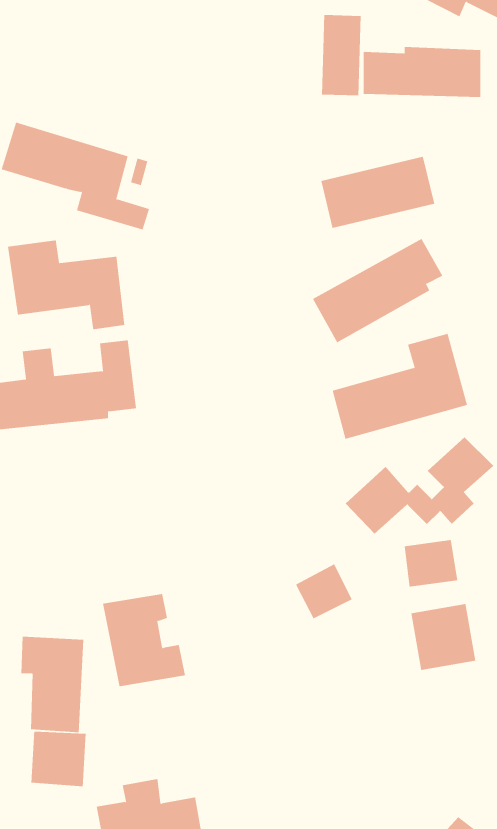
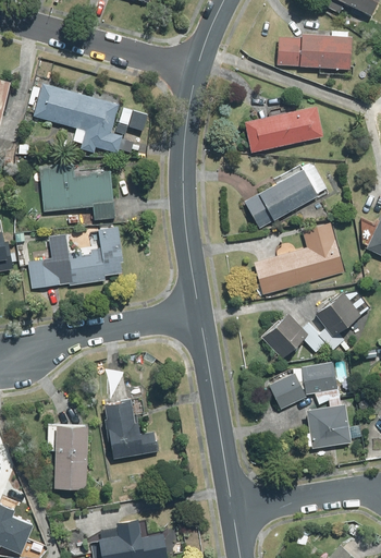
building: [321,14,361,96] -> none
building: [295,563,352,619] -> [268,373,306,410]
building: [31,731,86,787] -> none

